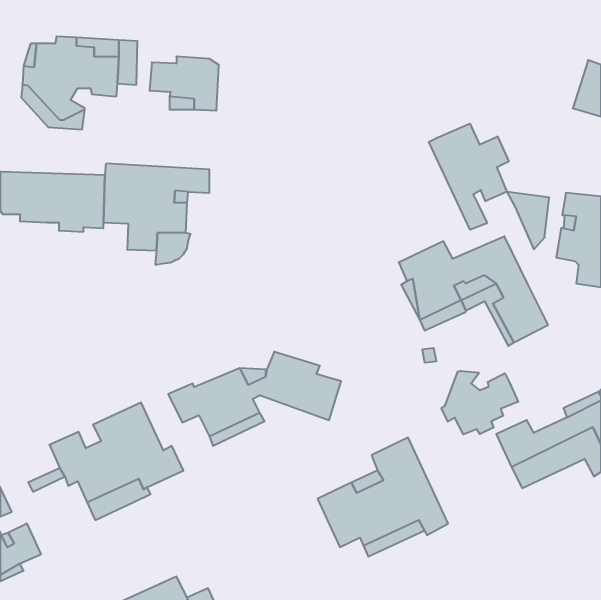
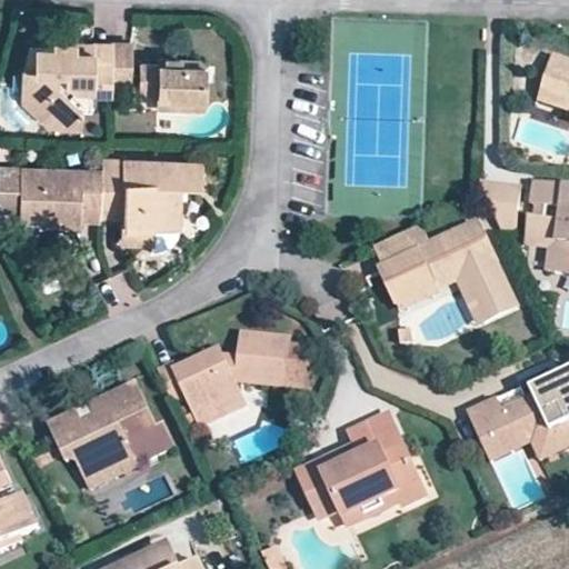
building: [429,124,509,230] -> none
building: [441,371,518,434] -> none

